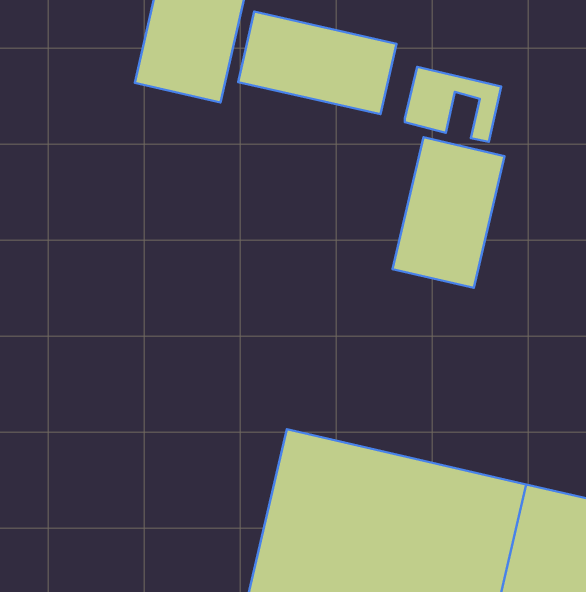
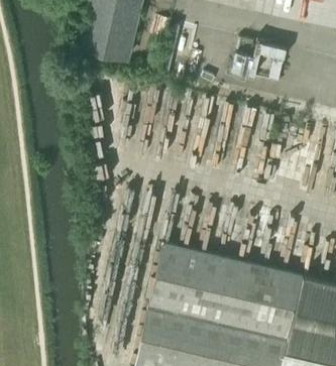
building: [238,11,396,114] -> none
building: [392,137,505,288] -> none

